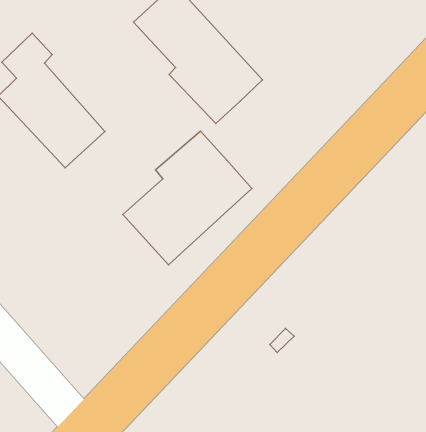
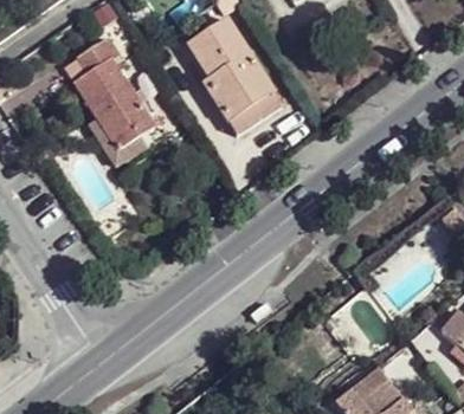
building: [123,131,252,265] -> none

